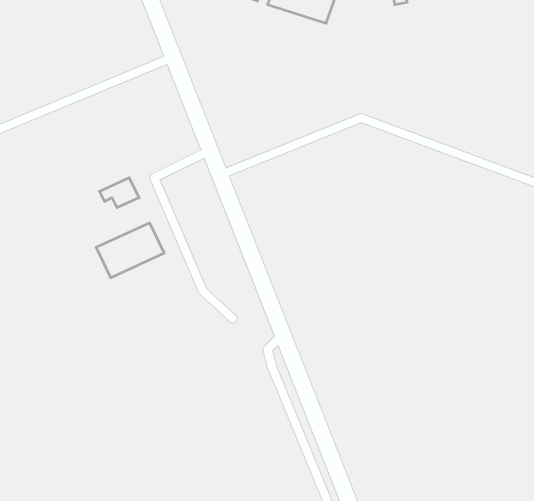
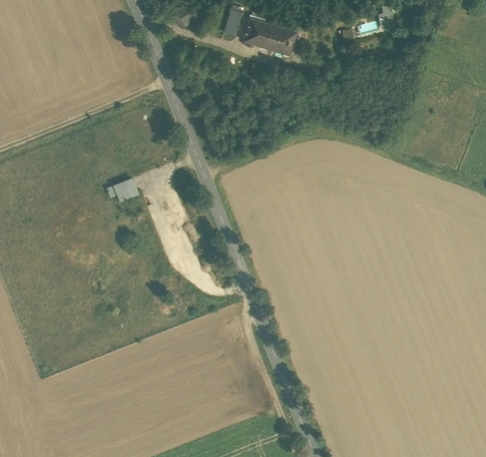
building: [96,223,164,278] -> none

